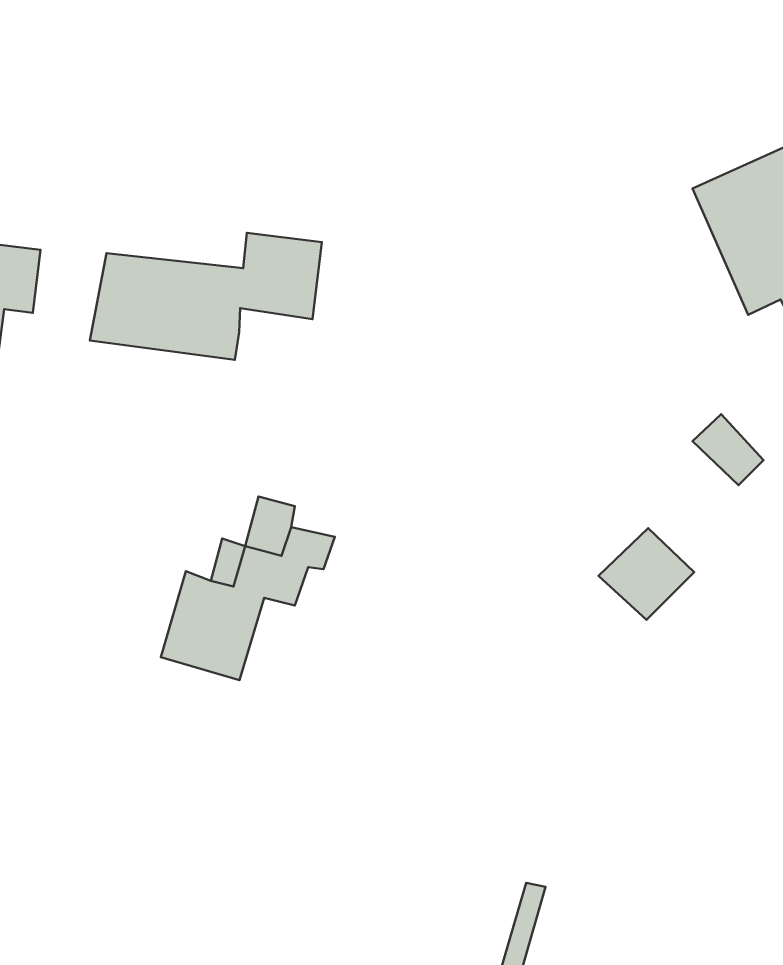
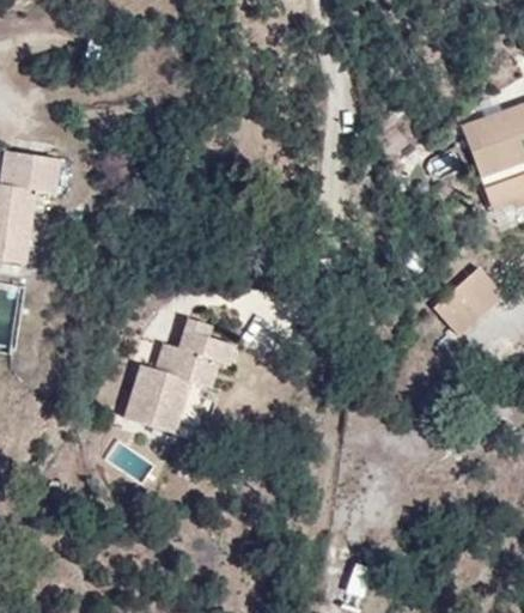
building: [90,233,322,360] -> none
building: [599,528,694,620] -> [431,281,491,339]

